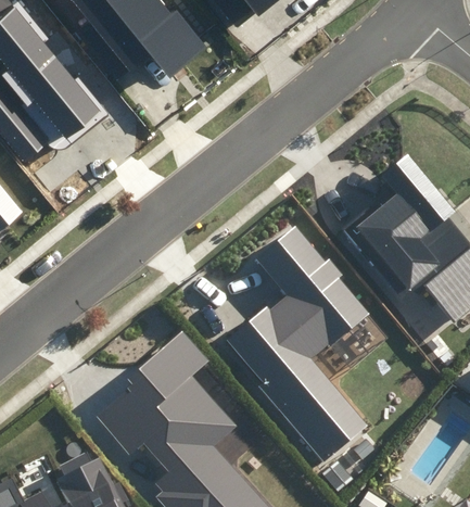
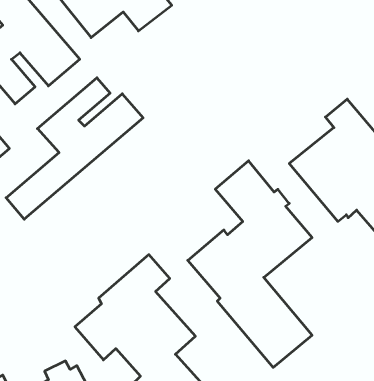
building: none -> [6,78,143,219]

